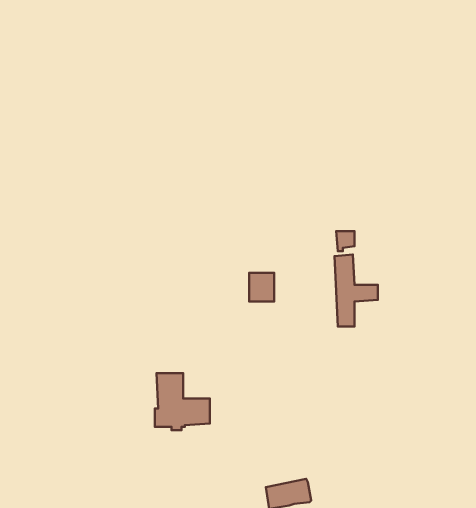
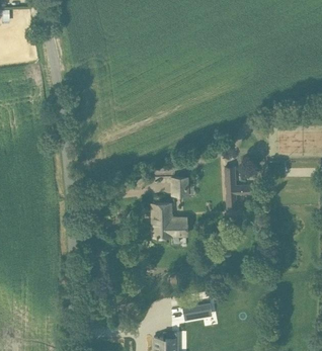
building: [155,373,210,430] -> [153,202,186,237]

